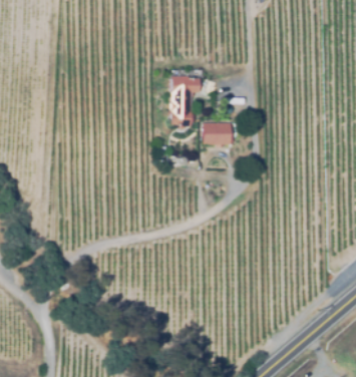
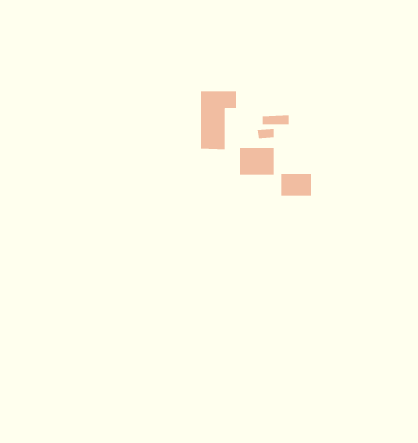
building: none -> [281,173,312,197]

